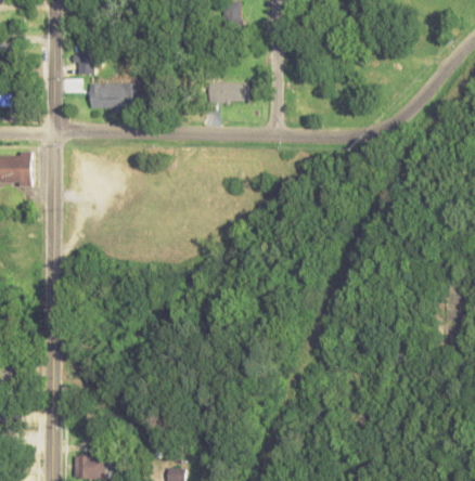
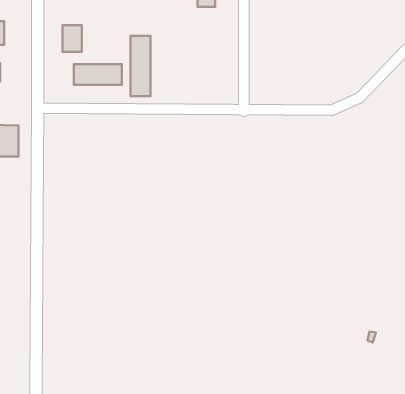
building: none -> [131,36,150,96]
building: [218,82,244,102] -> none

